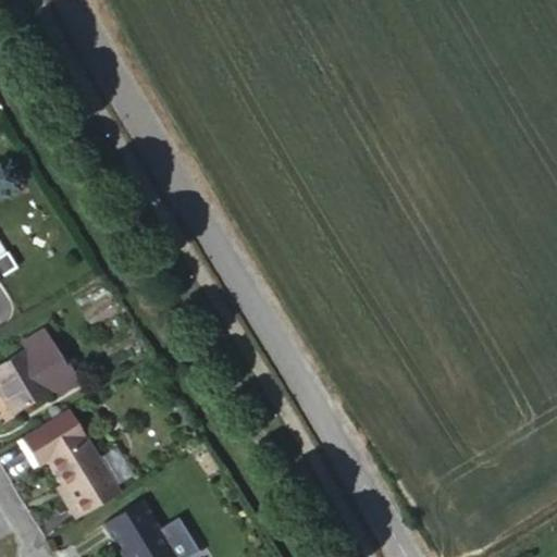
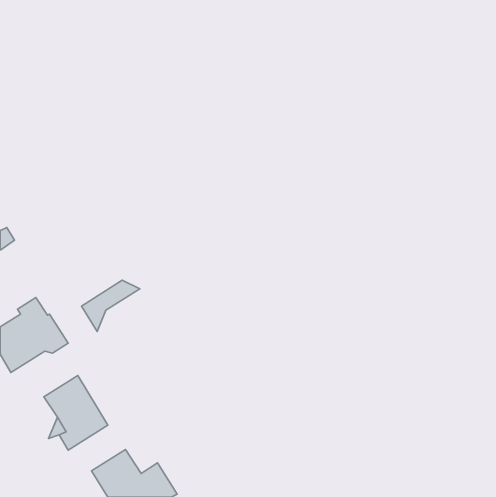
building: [23,410,88,468] -> [81,280,140,332]

